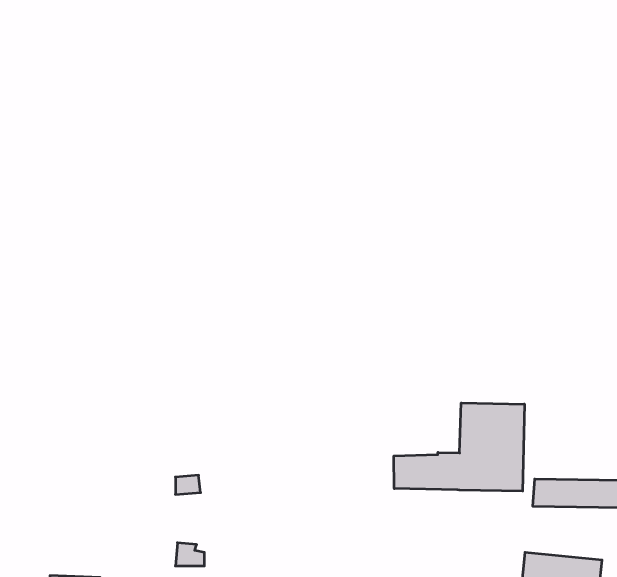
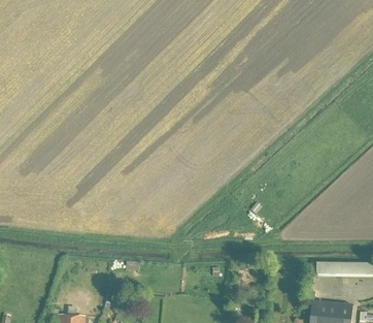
building: [394,403,524,491] -> none

